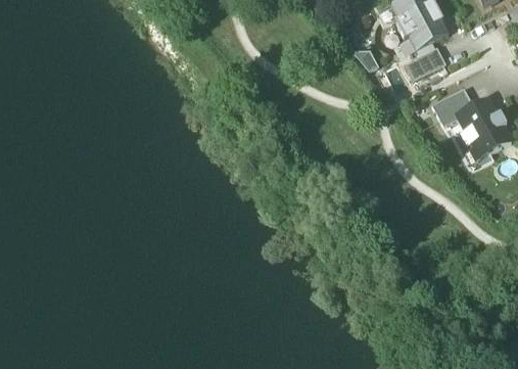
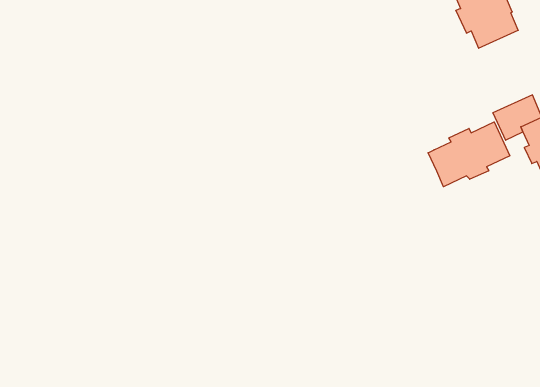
building: [404,47,444,81] -> none
building: none -> [428,122,510,187]

